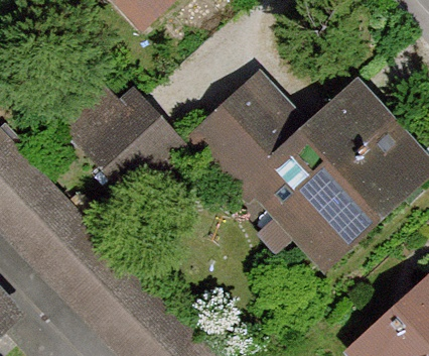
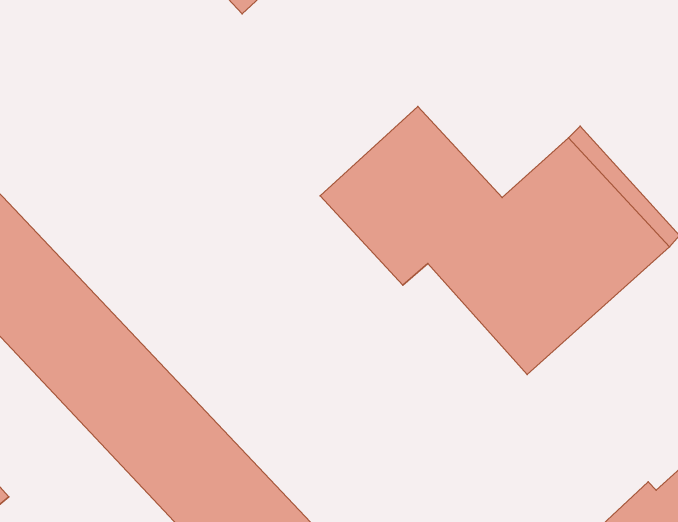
building: [62,85,178,188] -> none

